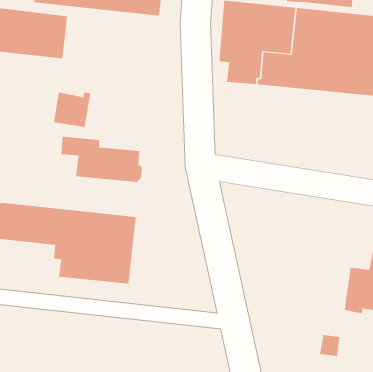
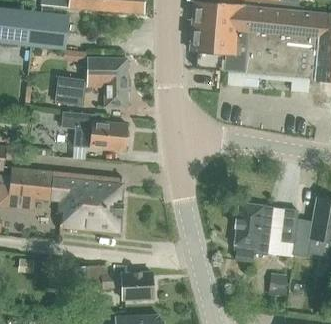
building: none -> [87,59,130,106]
building: none -> [234,202,299,262]
building: none -> [86,265,153,299]

